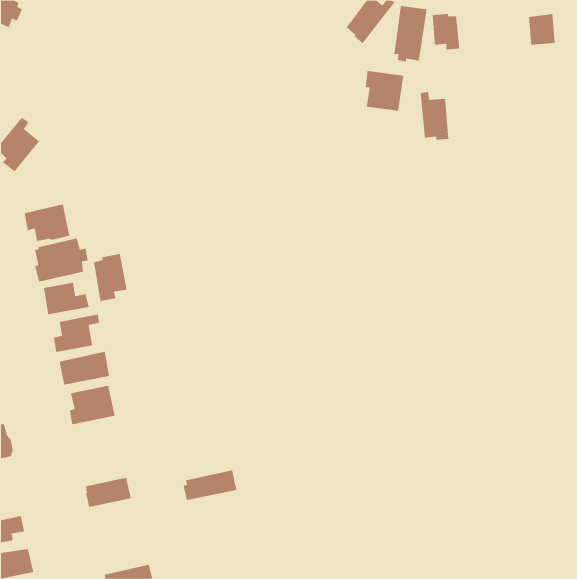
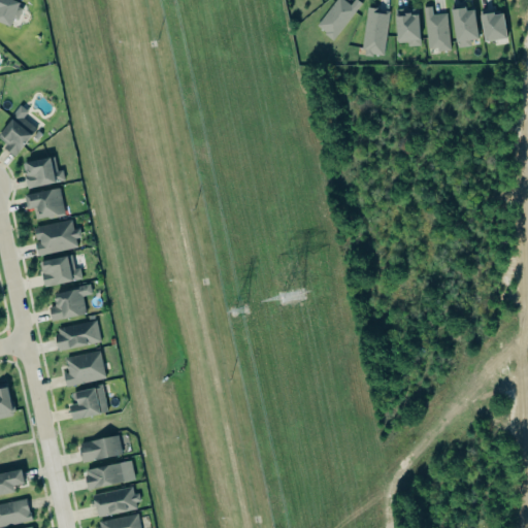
building: none -> [453,7,481,47]
building: [365,70,404,112] -> none
building: [420,92,449,140] -> [423,6,450,51]
building: none -> [24,158,66,188]
building: [94,253,127,302] -> none
building: none -> [69,384,107,419]
building: [183,470,237,500] -> [85,461,134,489]
building: none -> [94,487,138,517]

